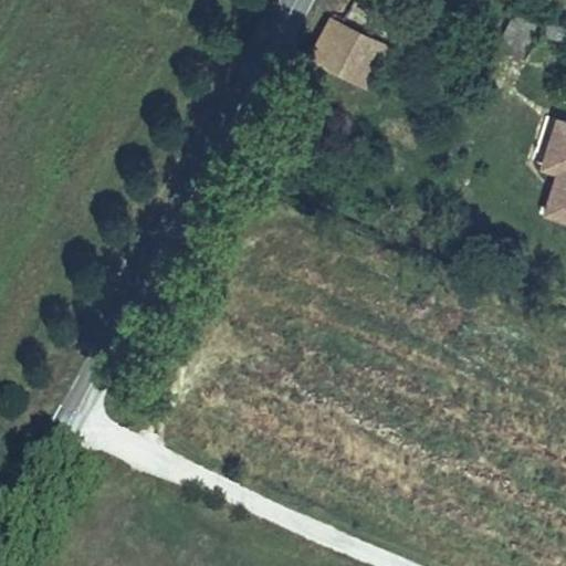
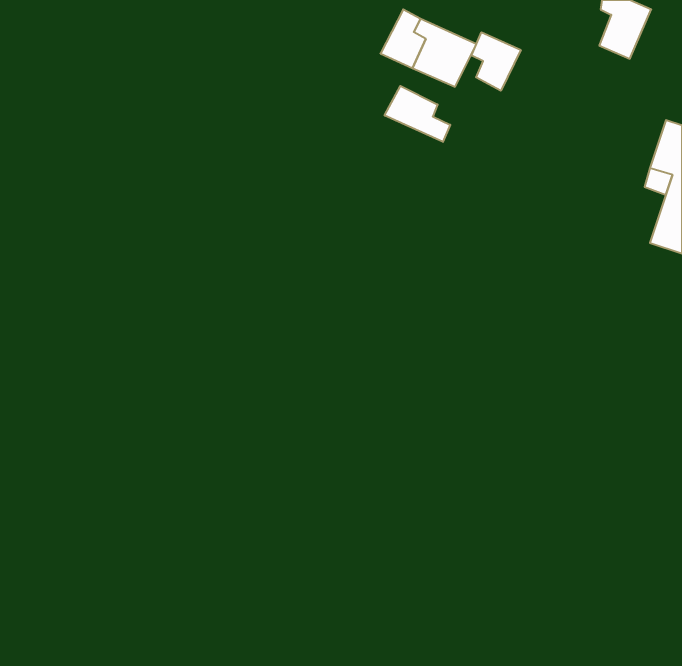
building: none -> [471,32,521,91]
building: none -> [385,86,450,142]

